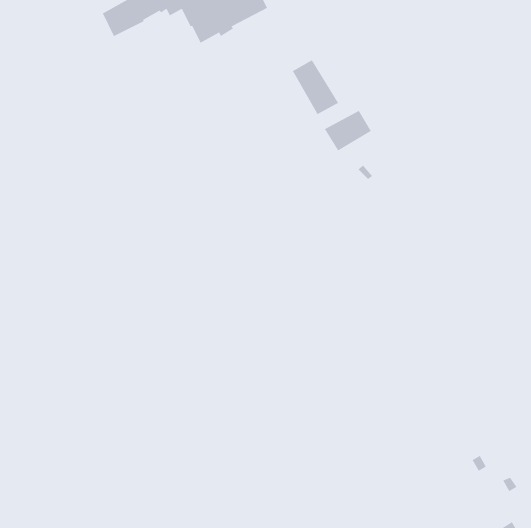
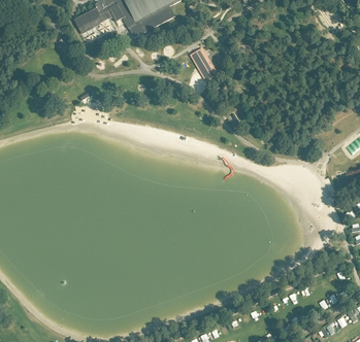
building: [324,110,372,151] -> none

